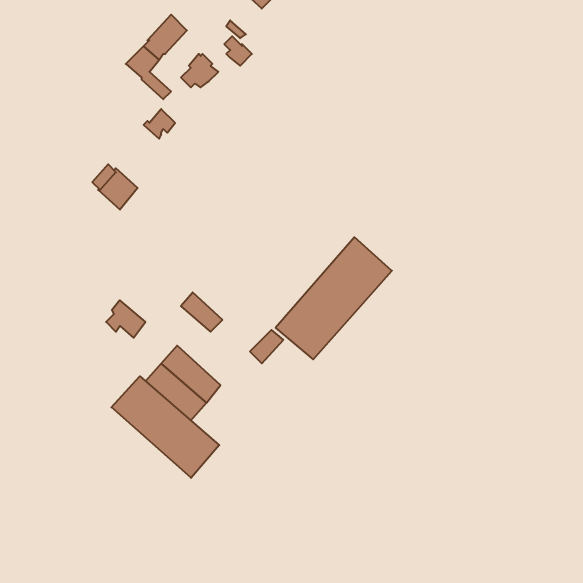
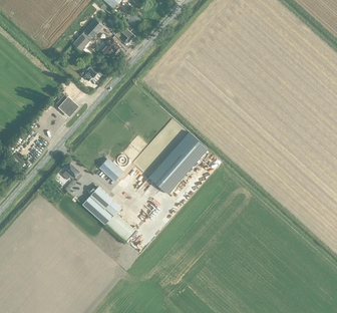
building: [111,376,219,478] -> none

